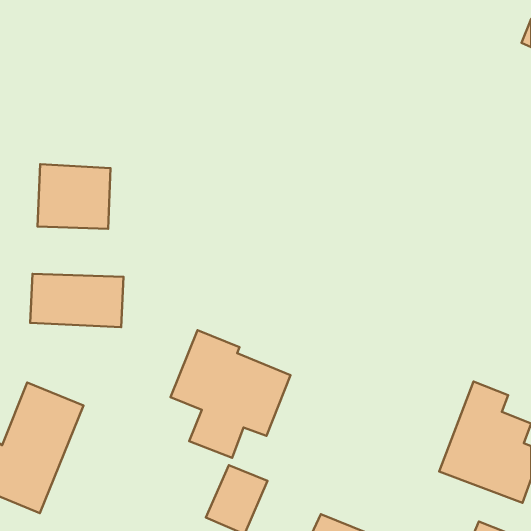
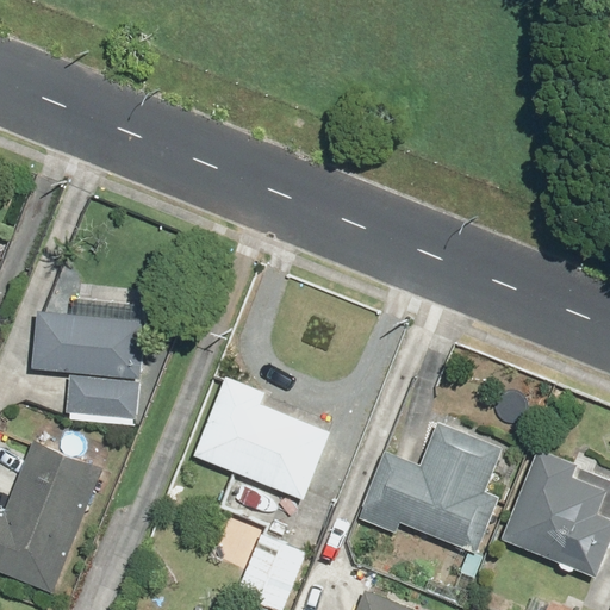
building: [38,164,111,229] -> none
building: none -> [66,375,138,411]
building: none -> [361,421,506,556]

